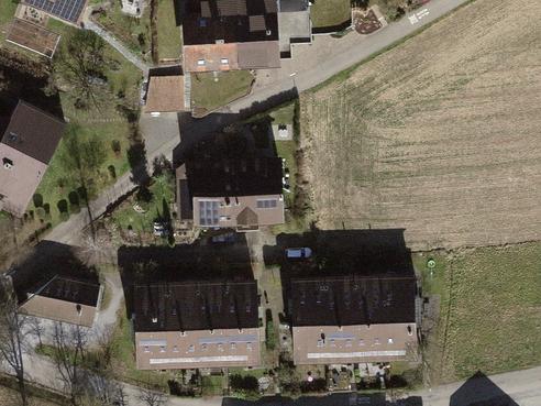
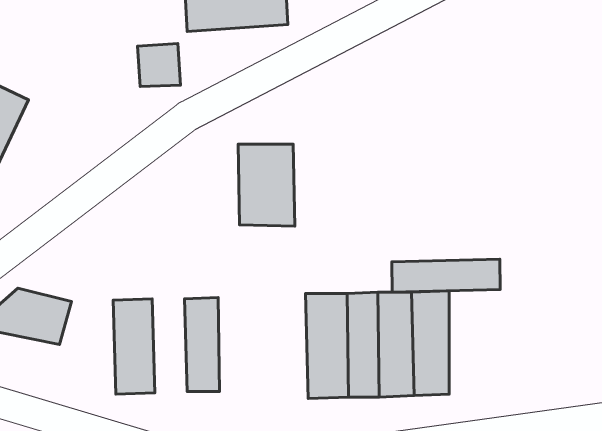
building: [191,156,238,222] -> none
building: none -> [392,259,500,292]
building: [220,281,252,359] -> none
building: [166,283,195,360] -> none

